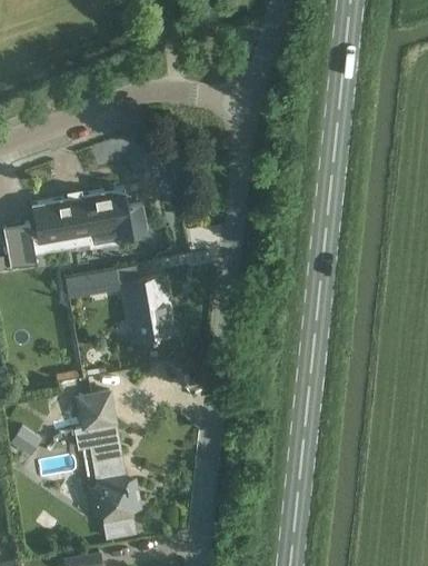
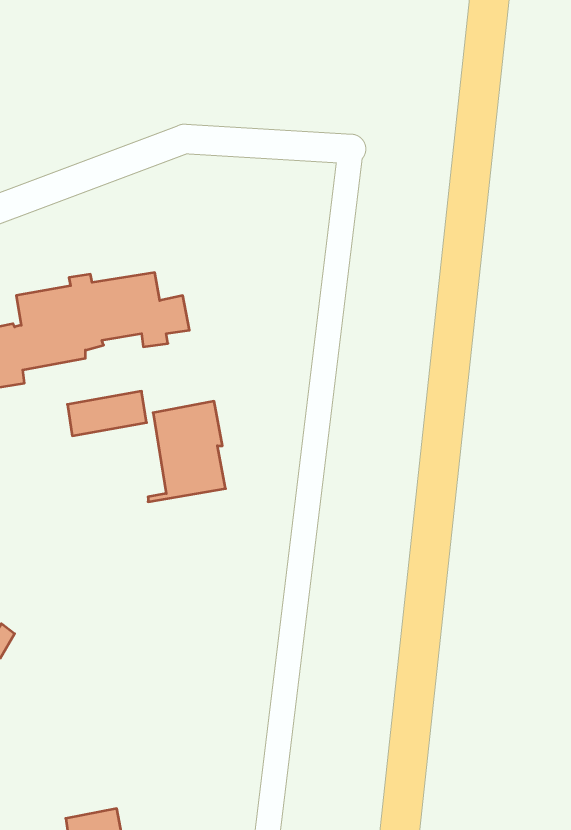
building: [73,393,139,539] -> none

